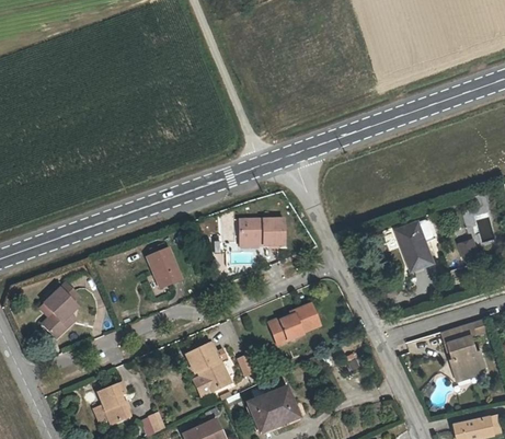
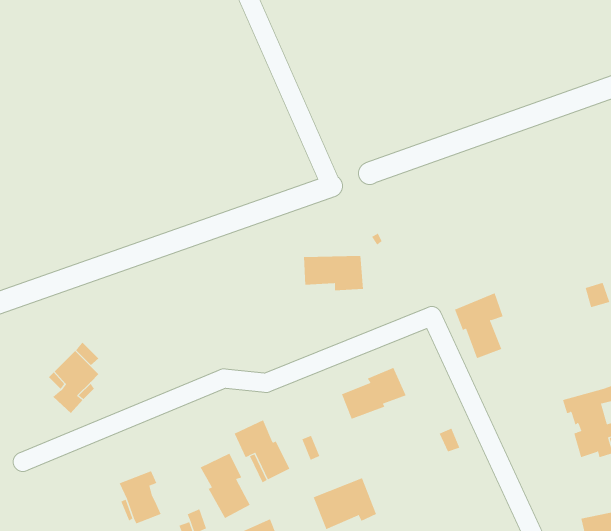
building: [394,217,433,268] -> [454,292,504,359]
building: [147,249,181,288] -> none
building: none -> [200,453,250,519]

